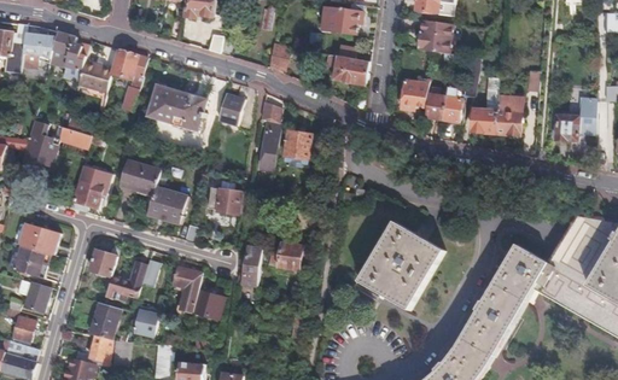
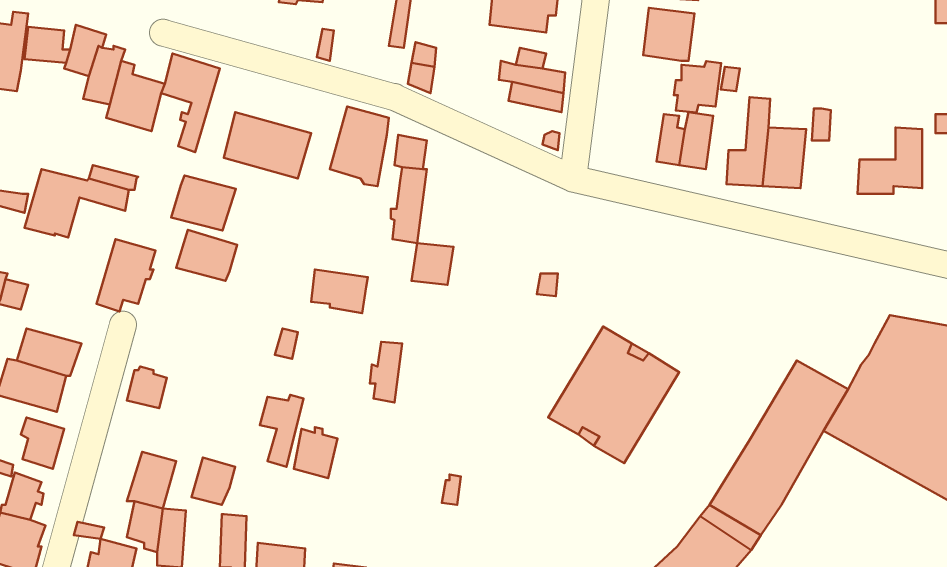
building: [398,77,428,110] -> [674,61,721,112]
building: [284,130,310,157] -> [412,243,453,285]
building: [146,187,187,222] -> [171,176,236,231]
building: [268,246,302,270] -> none
building: [106,258,159,294] -> none

